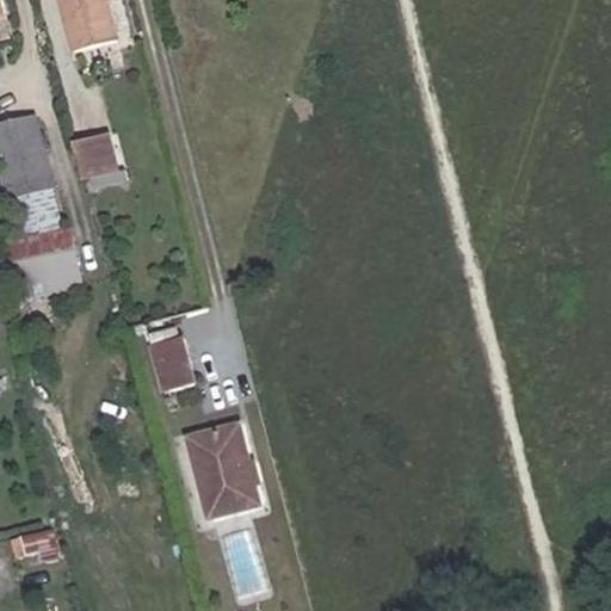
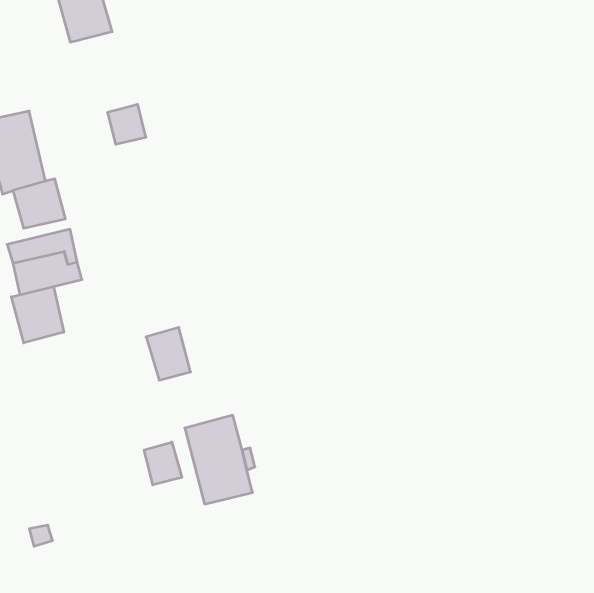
building: [73,135,112,175] -> [107,104,146,144]
building: none -> [11,287,64,343]
building: none -> [144,442,182,485]

